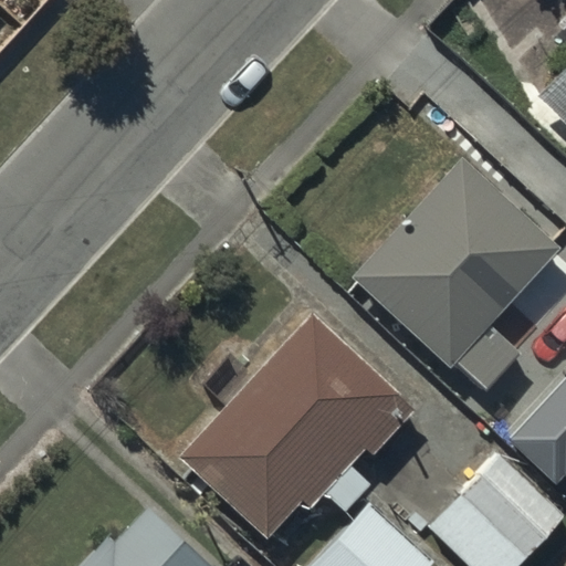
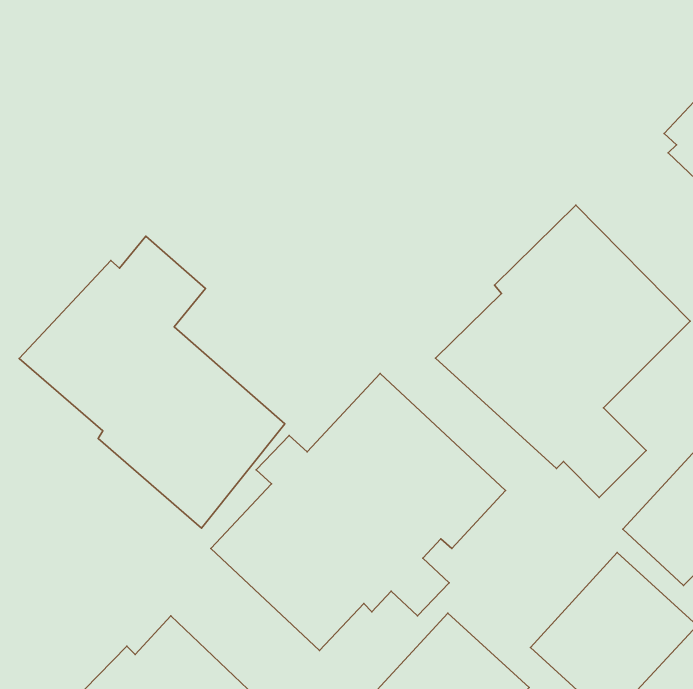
building: none -> [19,236,285,528]

